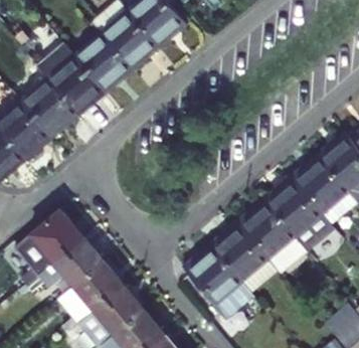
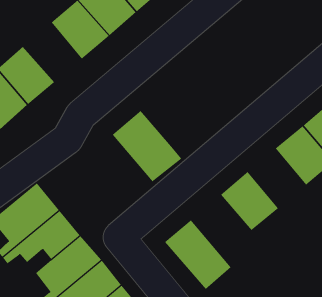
building: [36,42,105,114] -> none
building: [266,178,333,248] -> none
building: [211,223,280,294] -> [112,110,182,182]

